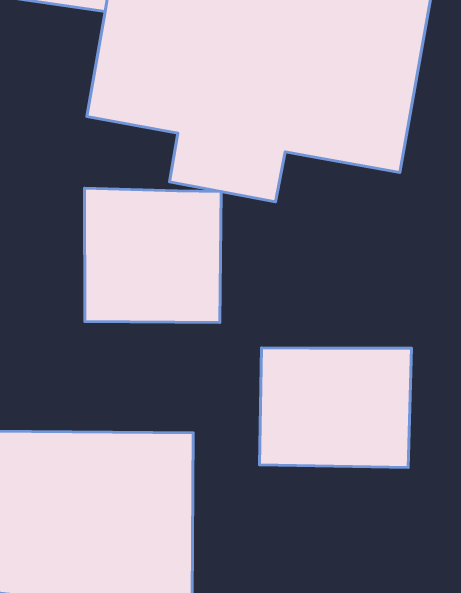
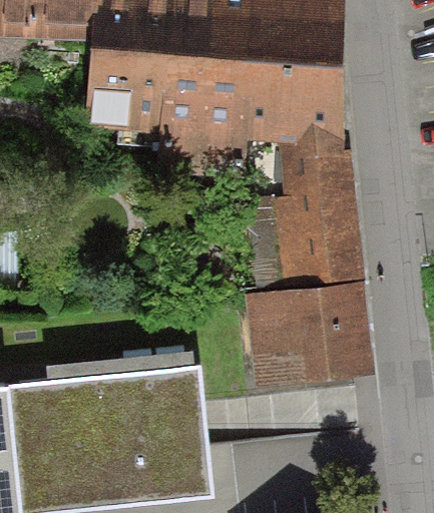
building: none -> [273,137,363,288]
building: [85,188,221,322] -> none

